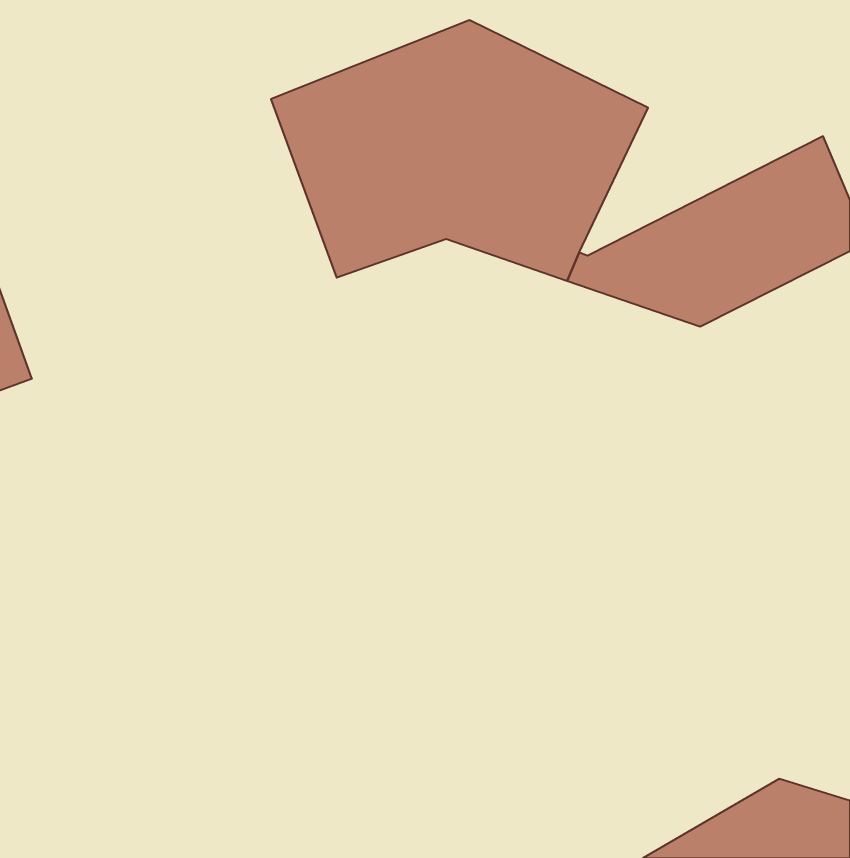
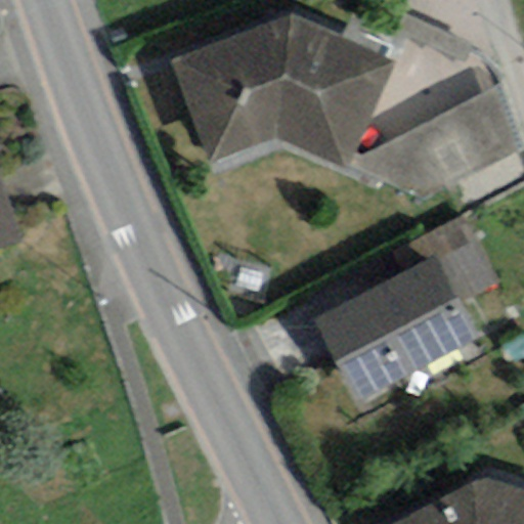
building: none -> [320,257,486,400]

